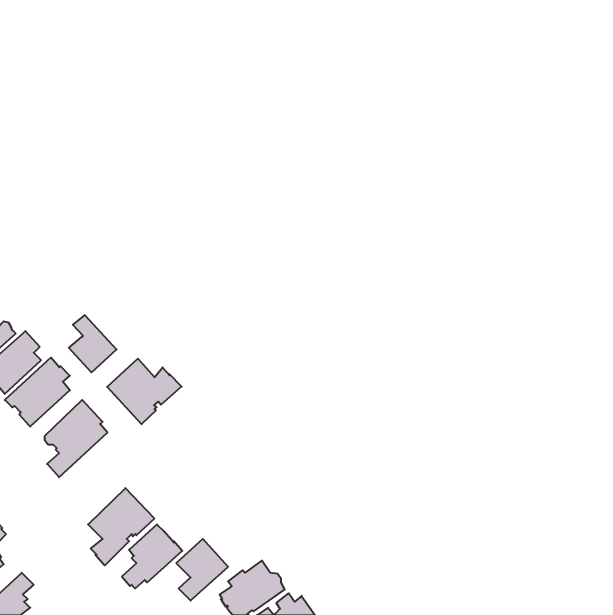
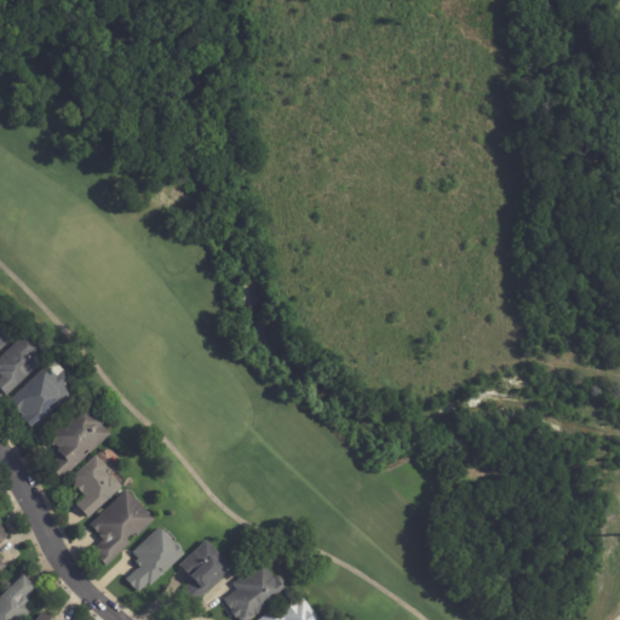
building: [69,315,117,372] -> none
building: [107,359,182,424] -> none
building: none -> [71,452,121,517]

